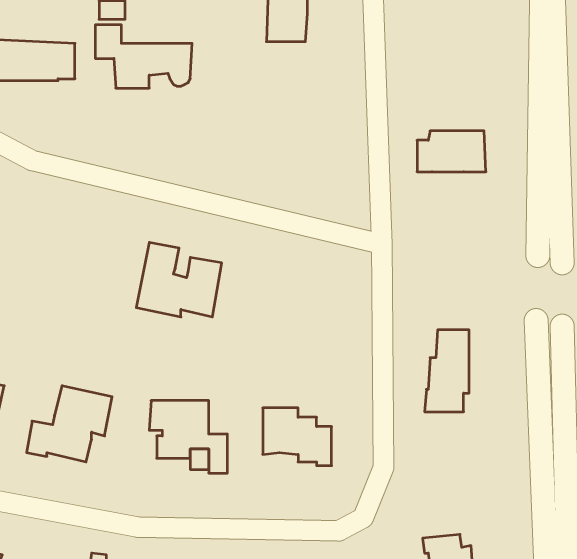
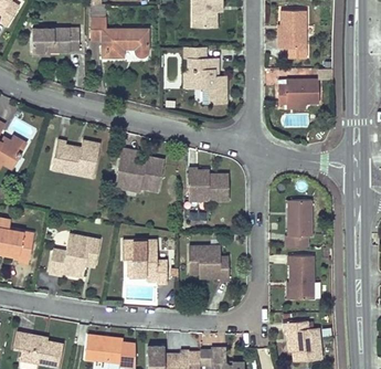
building: none -> [278,12,307,60]
building: none -> [188,49,230,106]
building: none -> [54,139,98,177]
building: none -> [189,168,230,200]
building: none -> [288,257,314,301]

